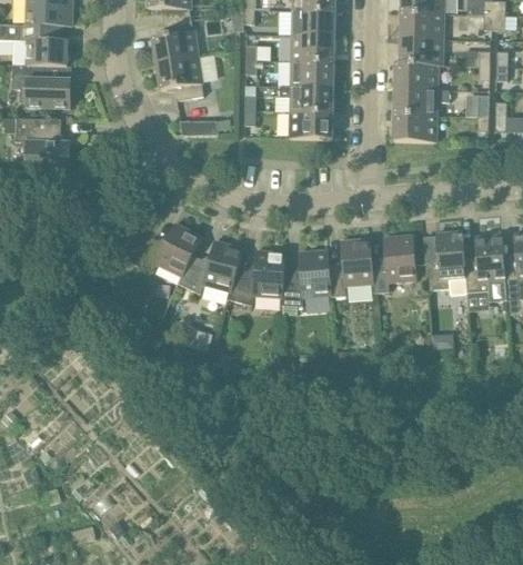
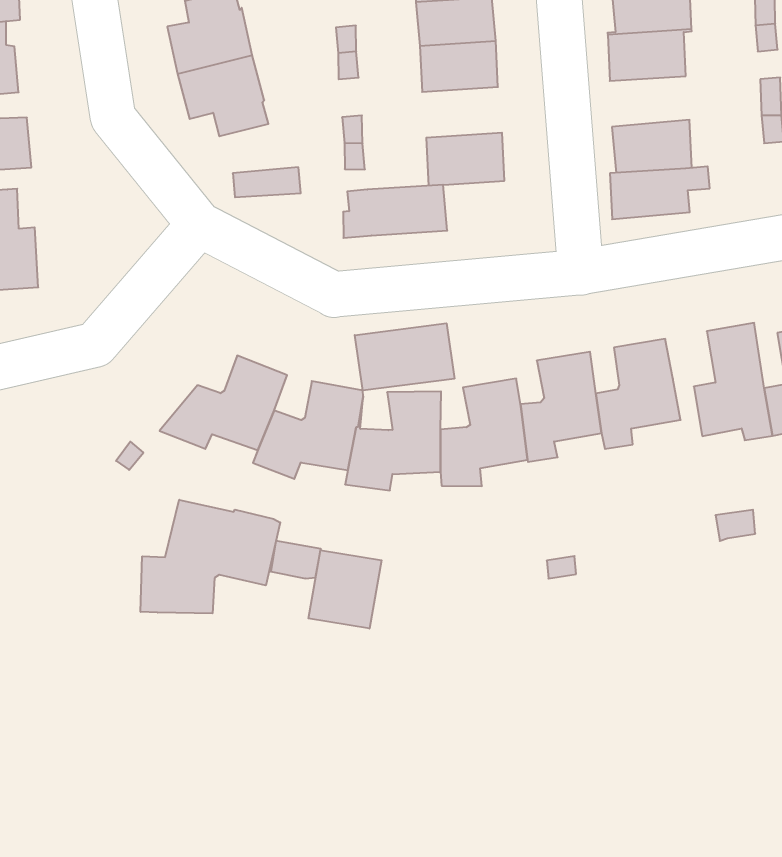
building: [274,85,332,111] -> [343,185,447,238]
building: [393,88,449,113] -> [610,166,710,219]
building: none -> [355,323,454,390]
building: none -> [141,500,280,613]
building: none -> [308,550,382,629]

